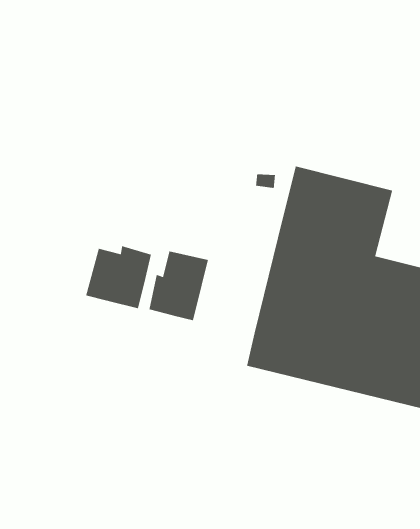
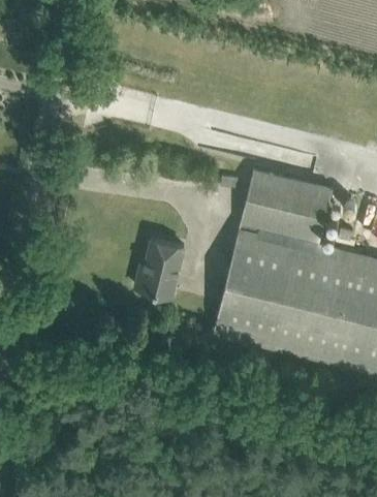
building: [85,245,152,309] -> none

